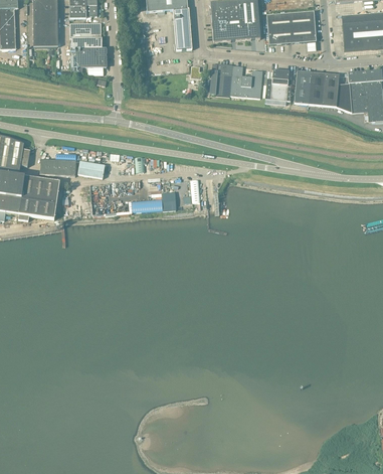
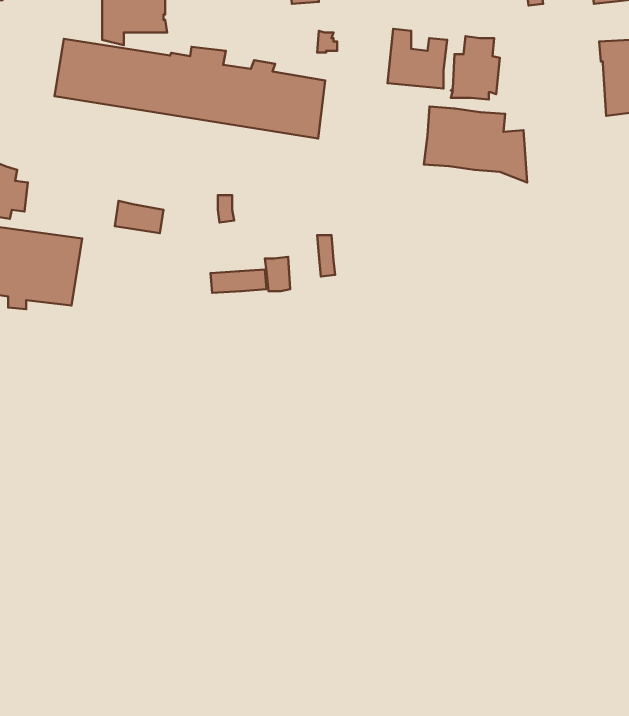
building: [209,62,232,95] -> none
building: none -> [55,39,325,138]
building: [294,69,351,112] -> [424,107,527,183]
building: [39,158,75,174] -> none

